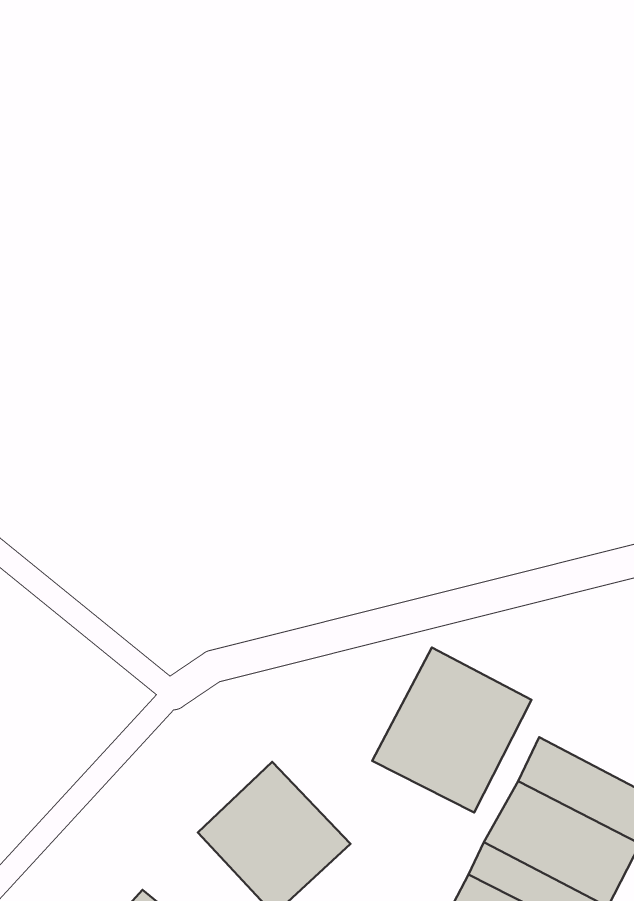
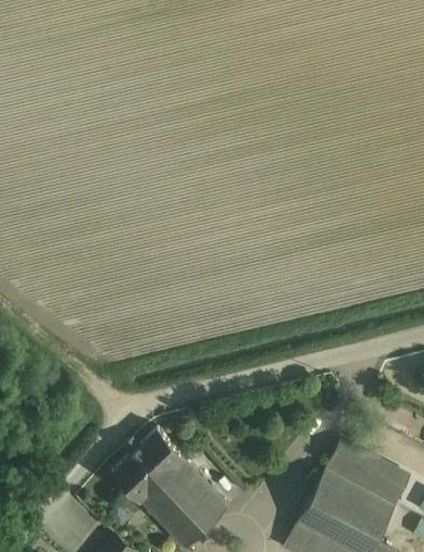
building: [372,647,532,812] -> none
building: none -> [113,430,187,504]

